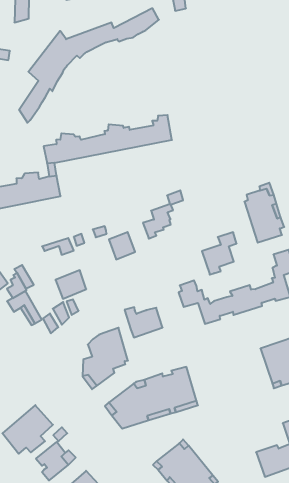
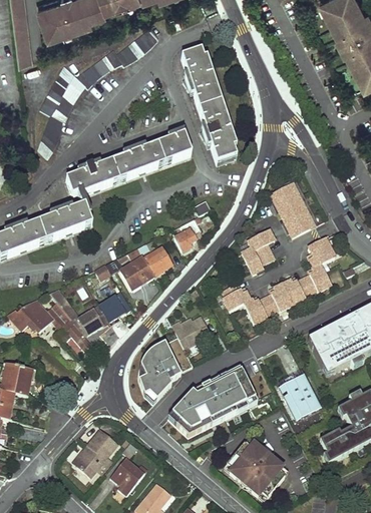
building: none -> [180,49,235,161]
building: none -> [120,256,153,288]
building: none -> [76,305,108,333]
building: none -> [280,376,320,421]

